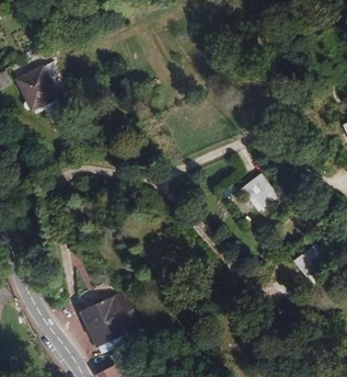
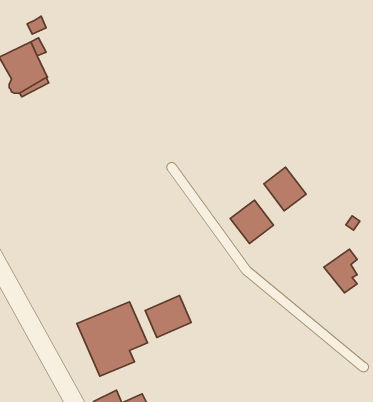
building: none -> [230,200,273,244]
building: none -> [145,295,191,338]

